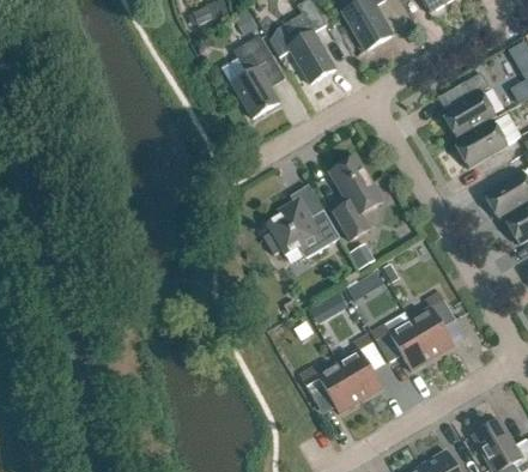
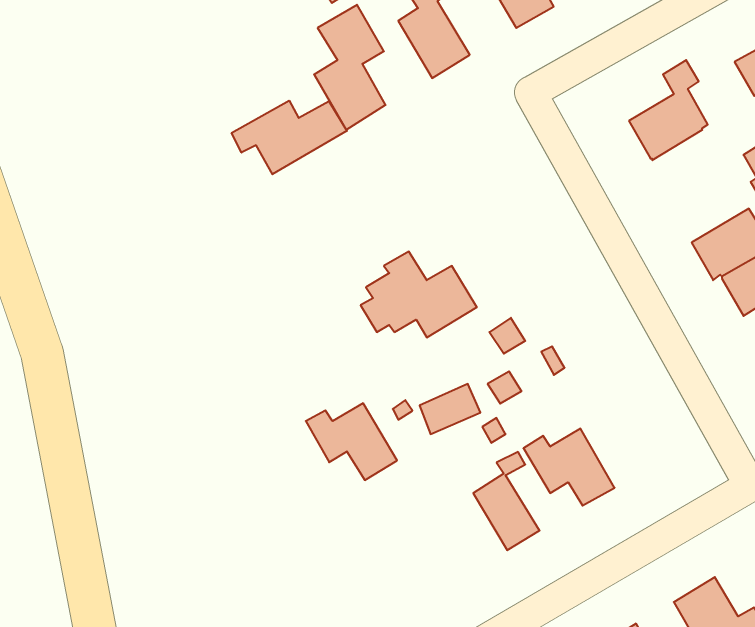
building: none -> [232,101,347,174]
building: [454,119,506,168] -> none
building: [328,156,383,240] -> none
building: [409,291,456,358] -> none
building: [299,362,360,413] -> [306,403,397,480]

